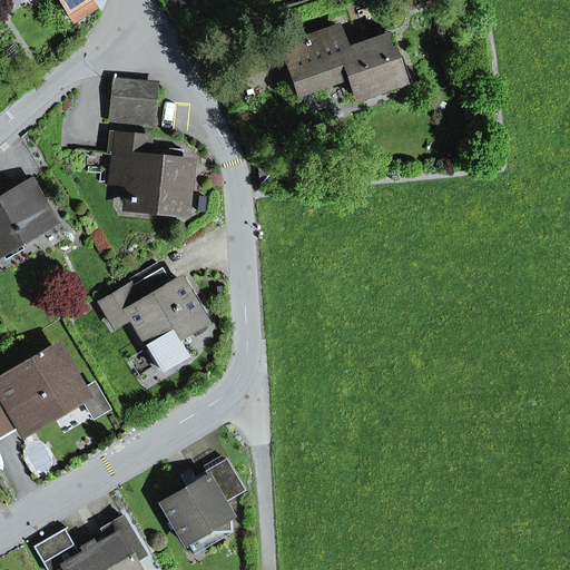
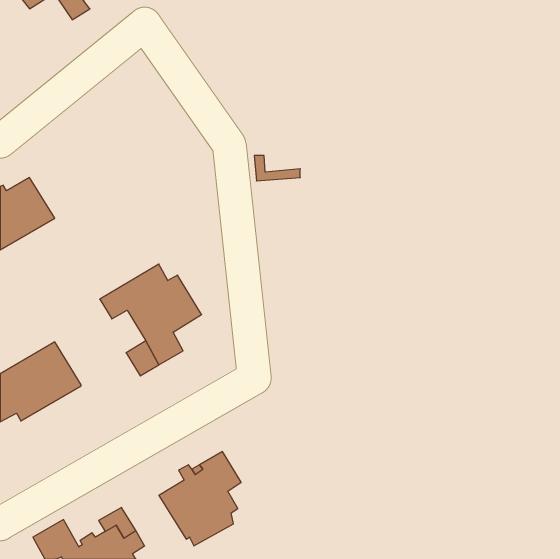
building: [282,28,402,97] -> none
building: [109,81,155,122] -> none
building: [114,134,189,208] -> none
building: [21,384,107,434] -> none

